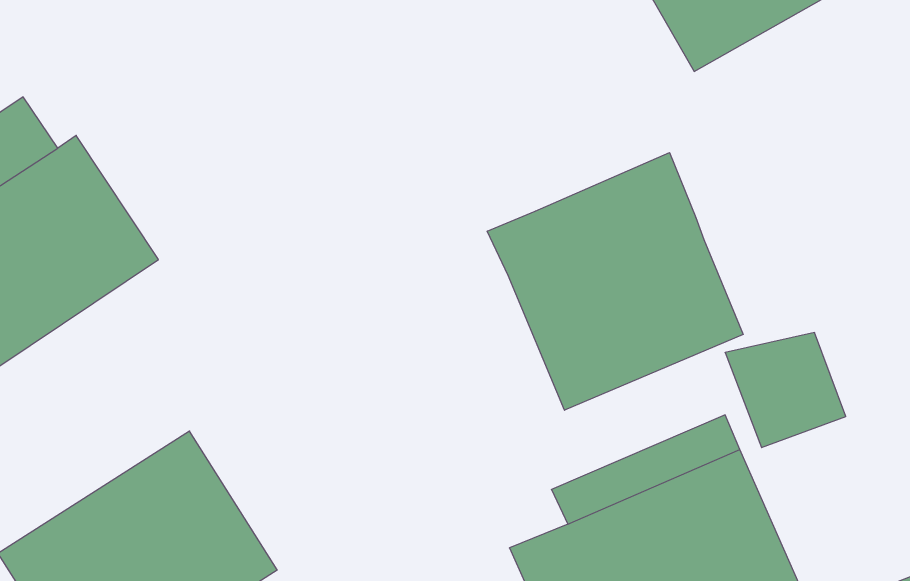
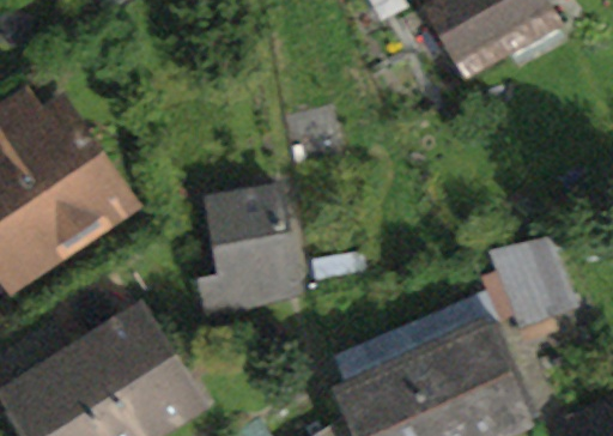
building: [487,153,743,410] -> none
building: none -> [202,188,299,316]

